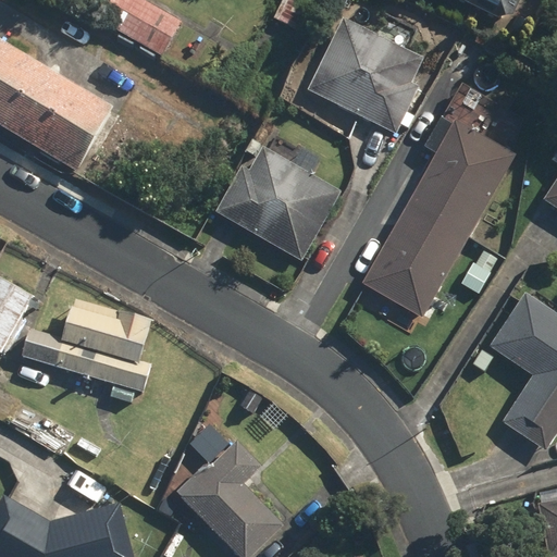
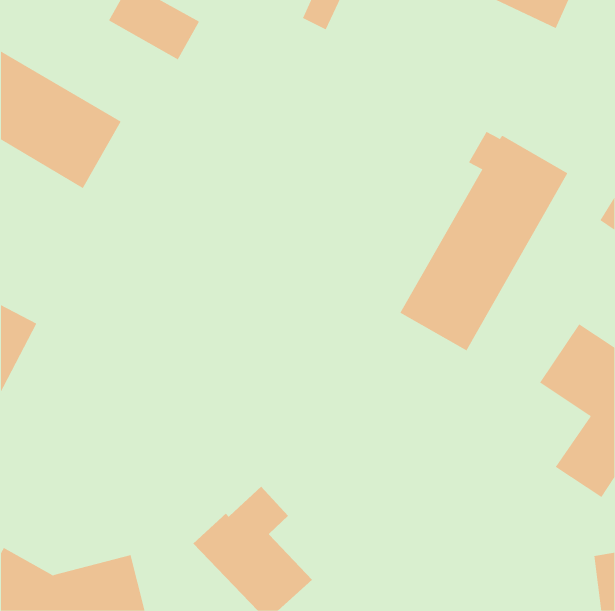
building: [307,17,423,133] -> none
building: [214,135,341,260] -> none
building: [20,297,152,393] -> none

